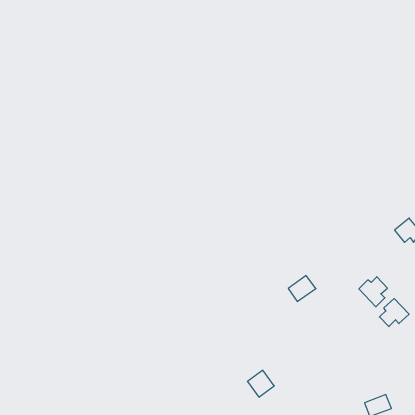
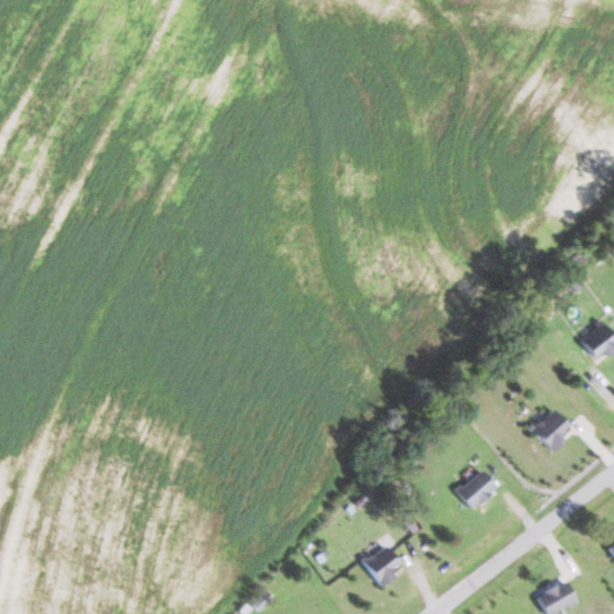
building: [288,276,316,302] -> [458,471,499,510]
building: [379,299,409,327] -> none

